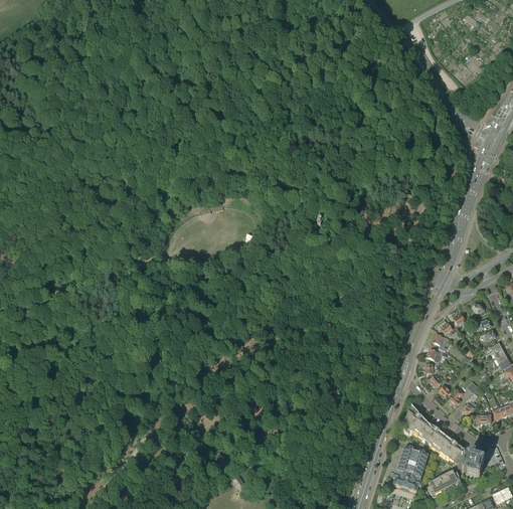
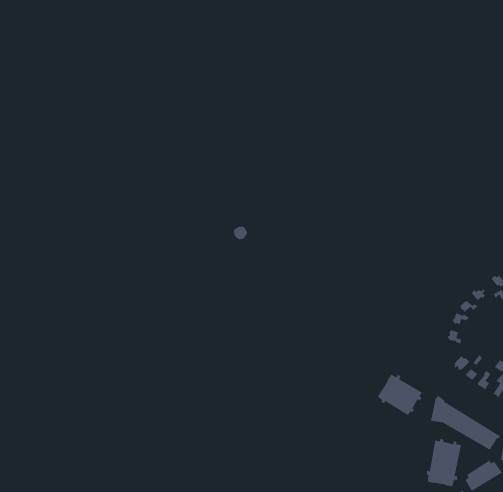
building: none -> [377,373,423,416]

